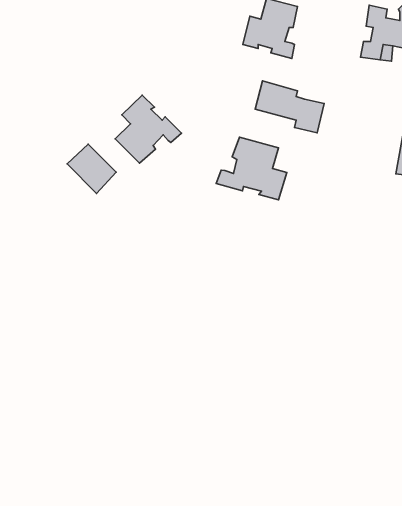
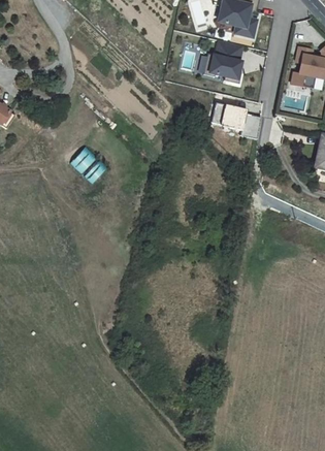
building: [115,95,182,163] -> none
building: [216,137,287,200] -> none

